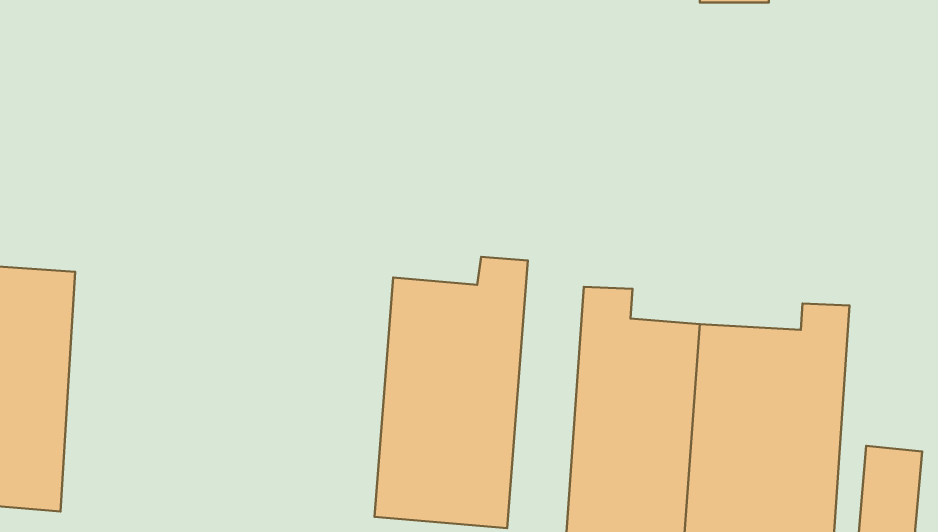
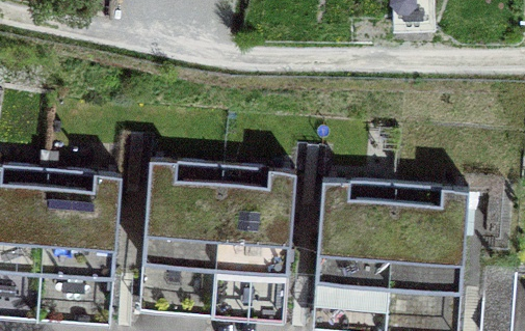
building: none -> [136,155,220,308]
building: none -> [35,161,121,310]

